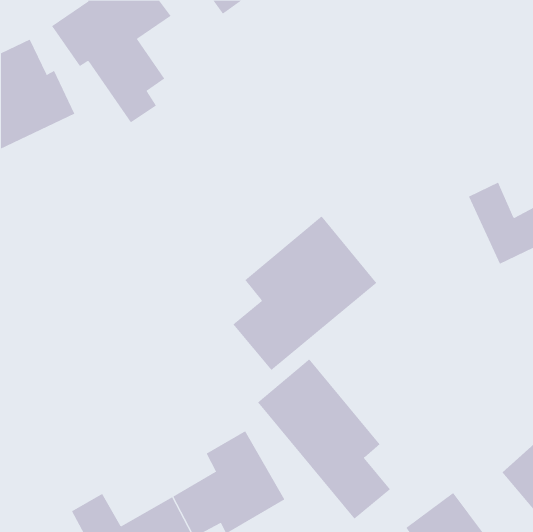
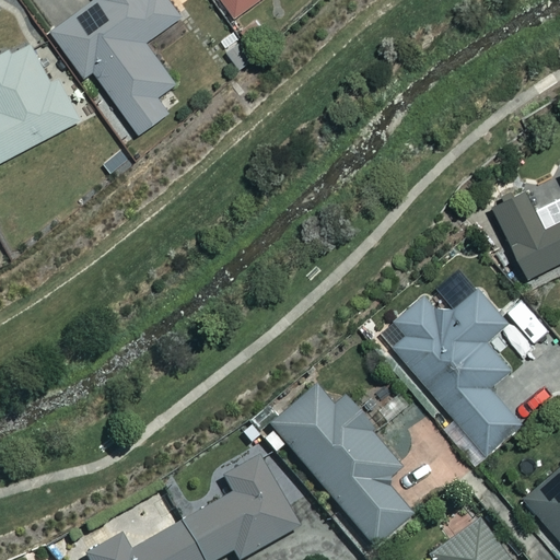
building: [233,216,377,371] -> none
building: none -> [399,285,522,453]

